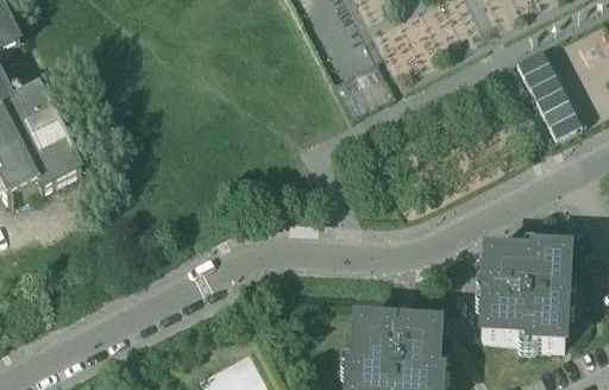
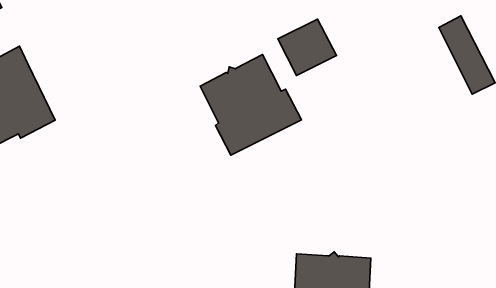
building: none -> [200,55,301,155]
building: [477,243,569,340] -> none

